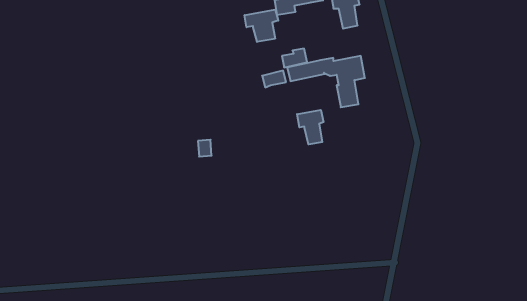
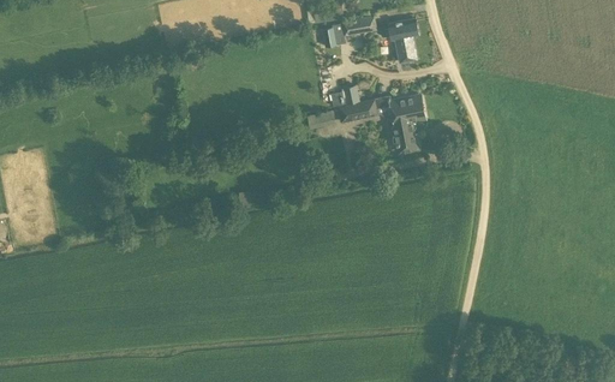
building: [245,10,278,42] -> none
building: [297,110,324,144] -> none

